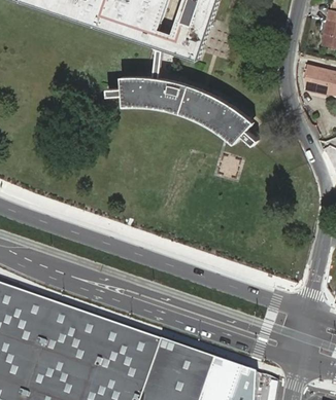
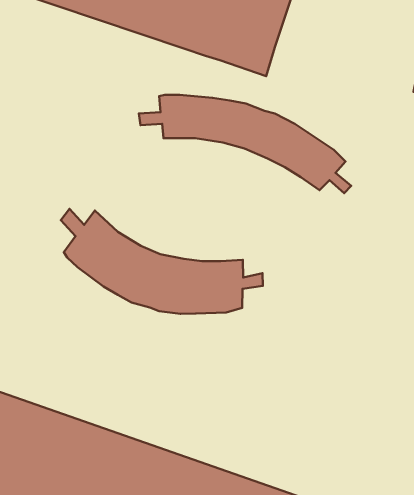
building: none -> [61,209,263,314]

